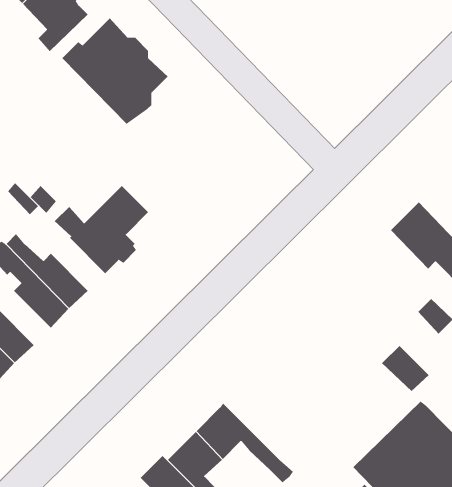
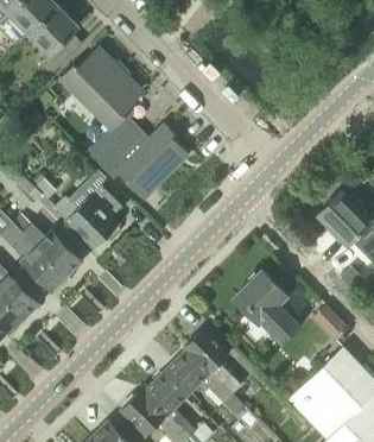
building: none -> [88,119,188,200]
building: none -> [233,270,302,345]
building: none -> [184,329,241,394]

